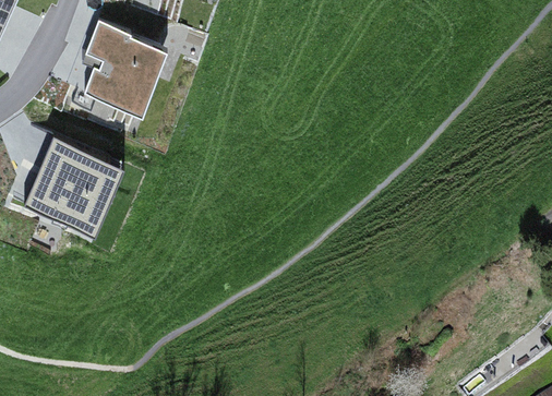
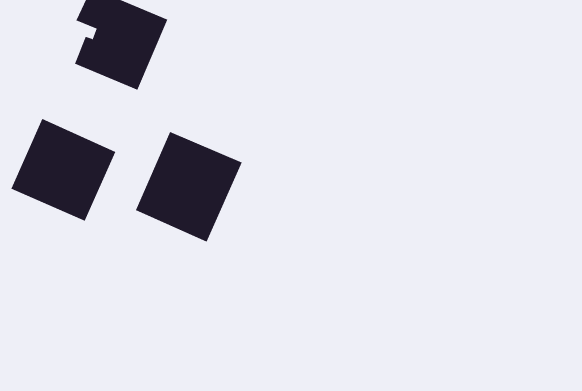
building: none -> [135,131,242,243]

